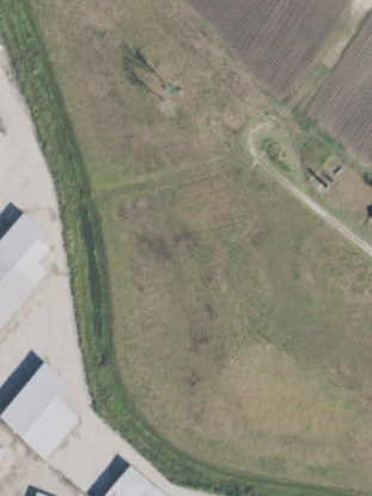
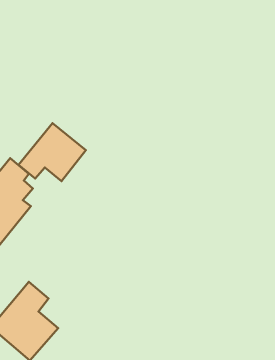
building: none -> [18,123,86,181]

